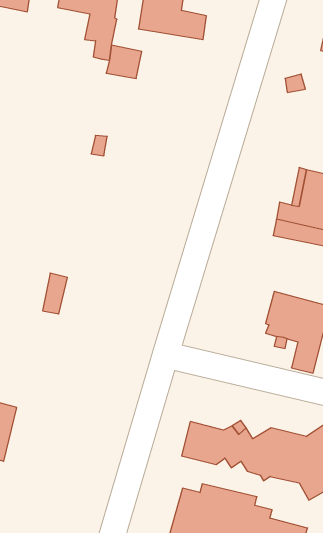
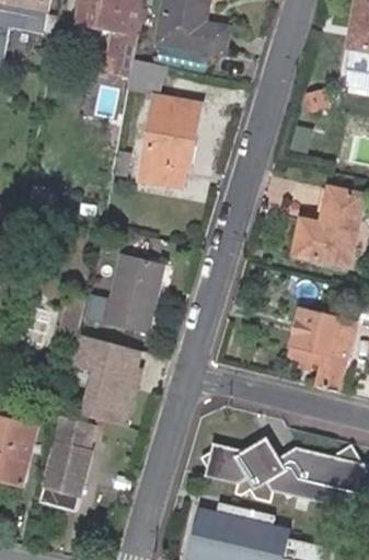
building: none -> [137,95,199,186]
building: none -> [85,254,161,330]
building: none -> [70,337,143,429]
building: none -> [41,430,91,511]

